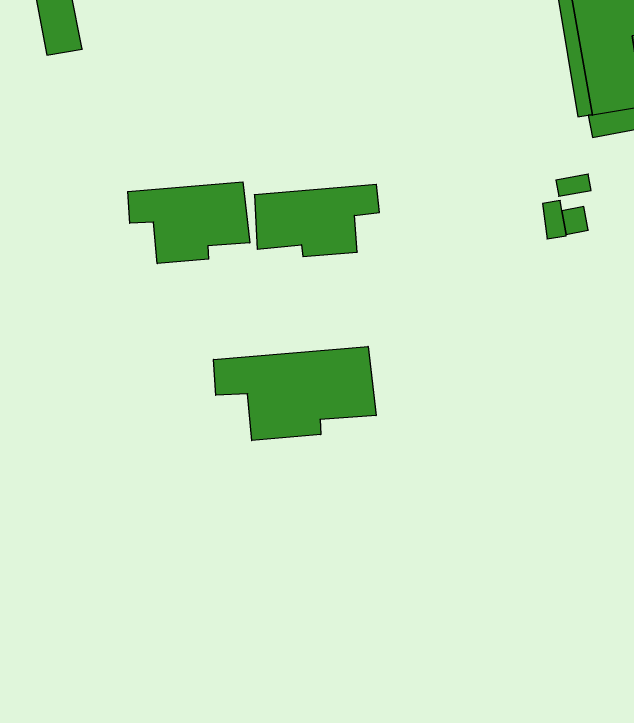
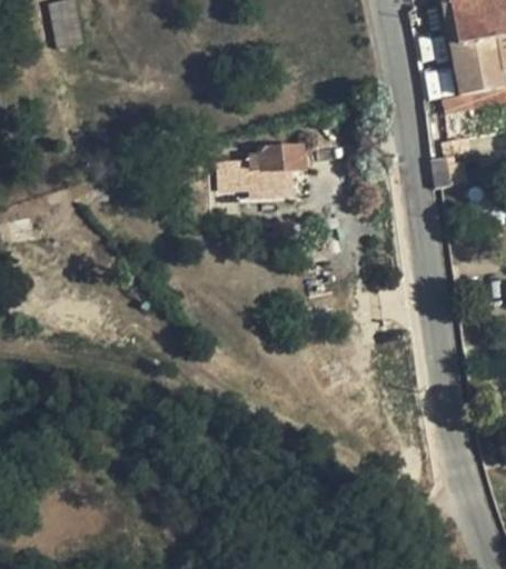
building: [128,182,250,264] -> none
building: [214,346,376,441] -> none

